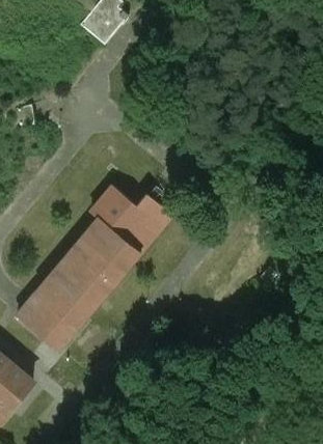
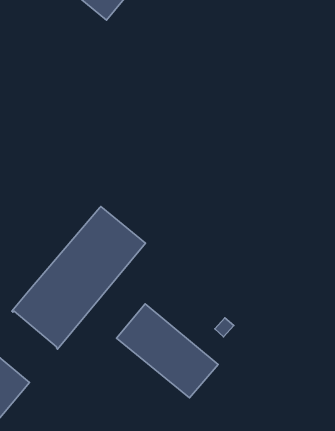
building: [90,186,171,252] -> none
building: none -> [117,304,218,398]

